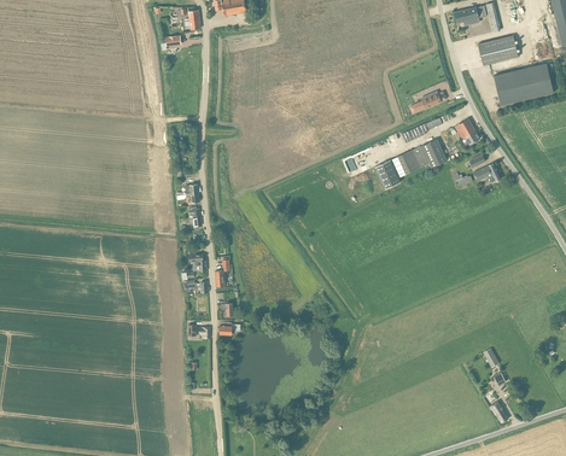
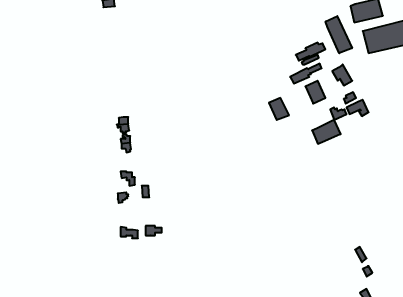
building: none -> [326,16,352,53]
building: [392,146,428,176] -> [312,120,341,144]

